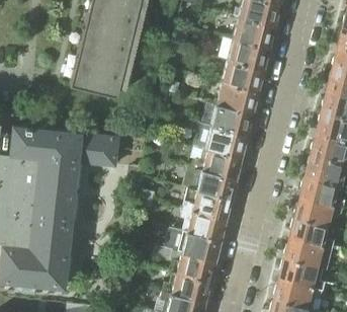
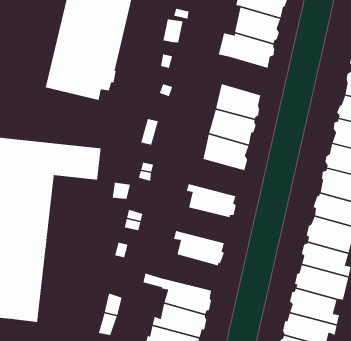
building: [222,61,262,93] -> none
building: [191,146,242,180] -> none
building: [182,189,231,221] -> none
building: [172,231,221,261] -> none

